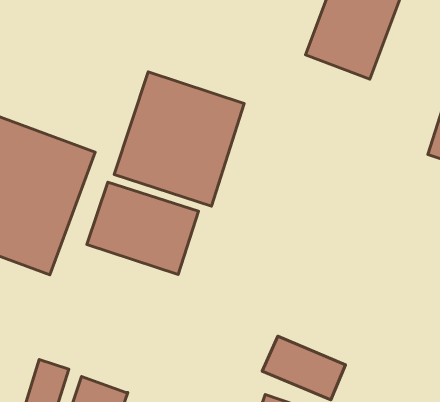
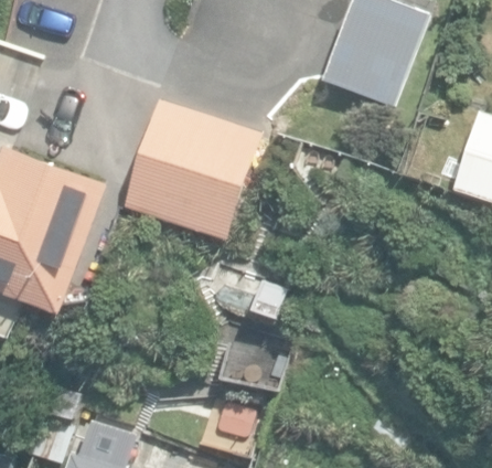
building: [87,182,198,274] -> none

